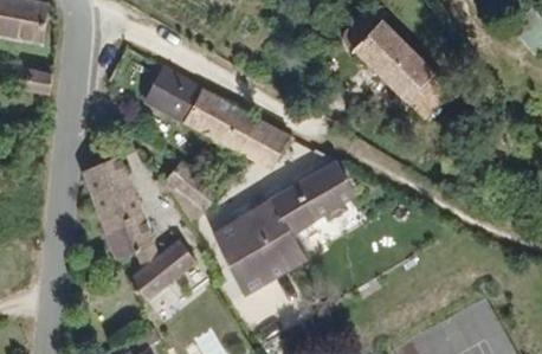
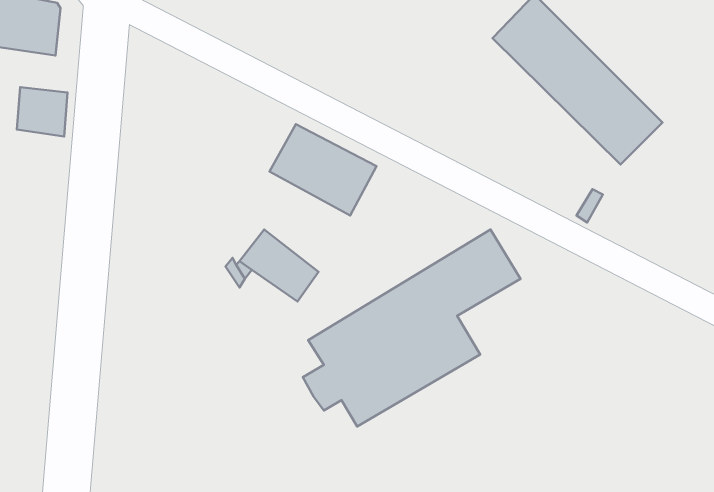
building: [149,69,204,121] -> none
building: [240,117,290,167] -> none
building: [85,155,194,301] -> none

